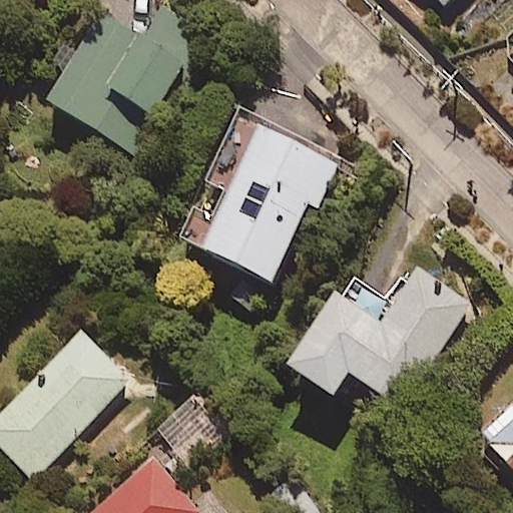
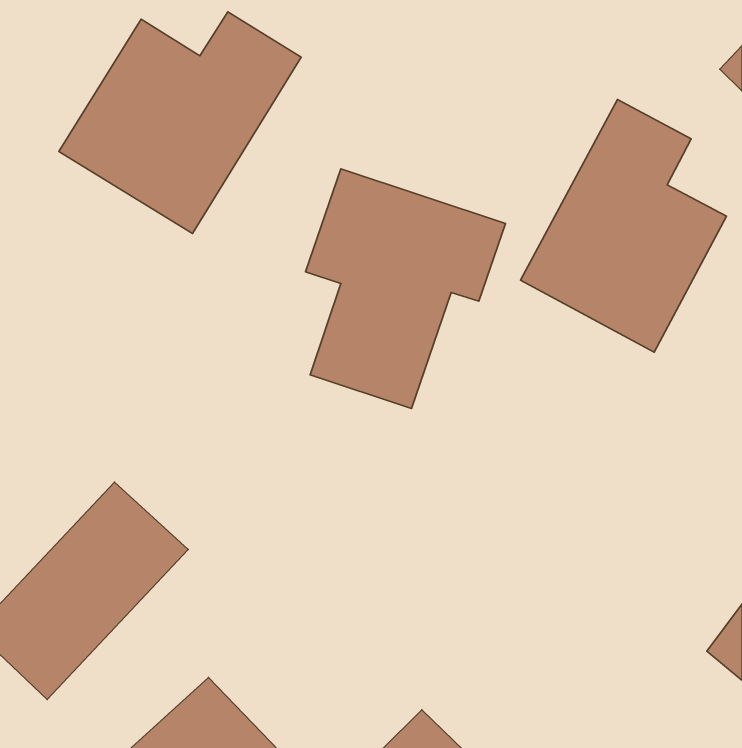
building: none -> [520,100,727,352]
building: [294,263,468,403] -> none

